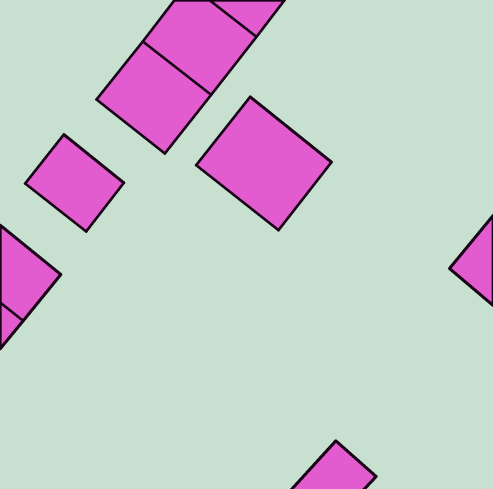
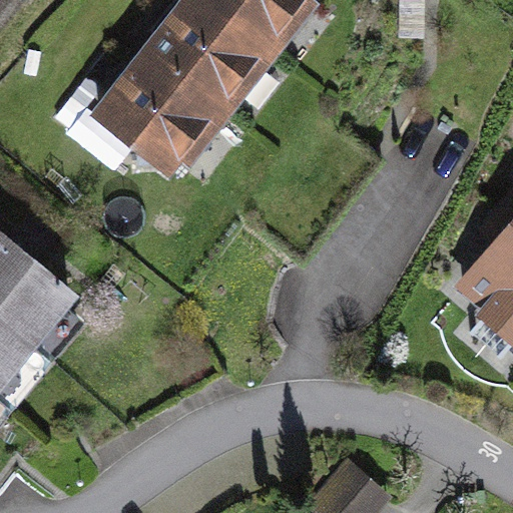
building: [196,97,331,230] -> none
building: [25,134,124,231] -> none

